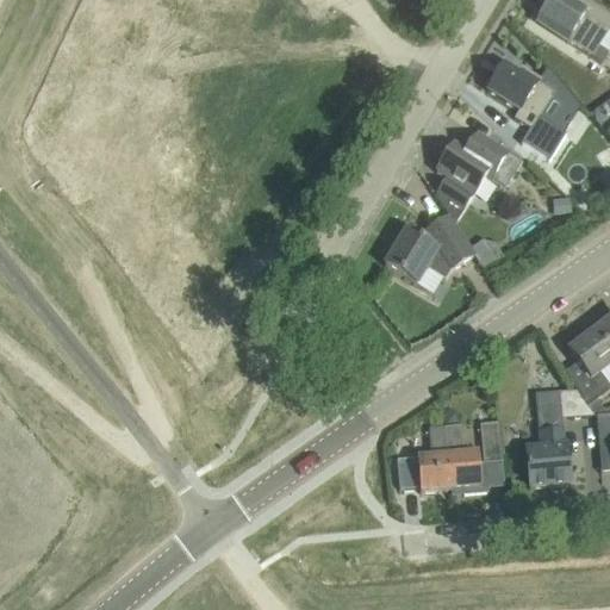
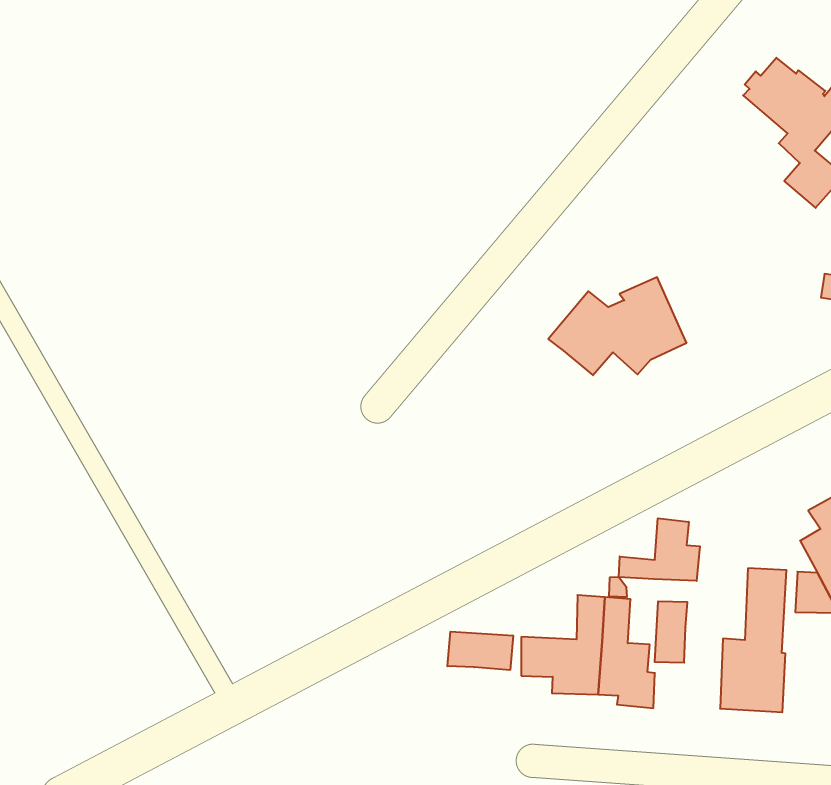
building: [436,138,522,220] -> none
building: none -> [619,518,700,581]
building: none -> [447,632,513,670]

